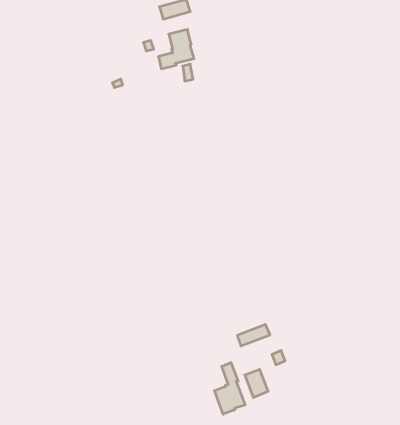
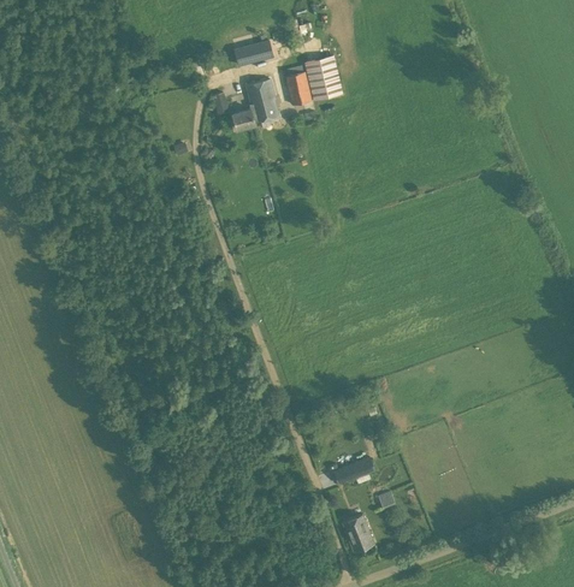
building: none -> [284,54,342,105]
building: [214,363,245,414] -> none

